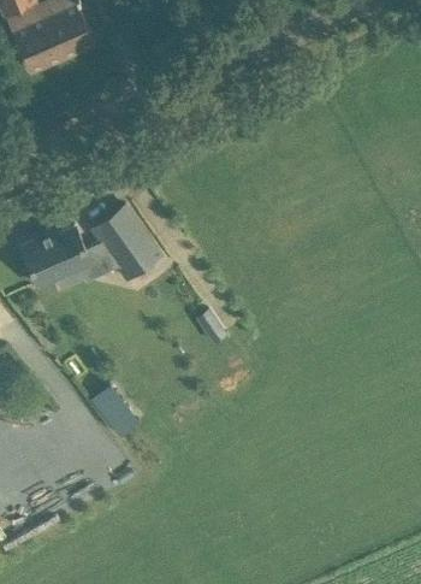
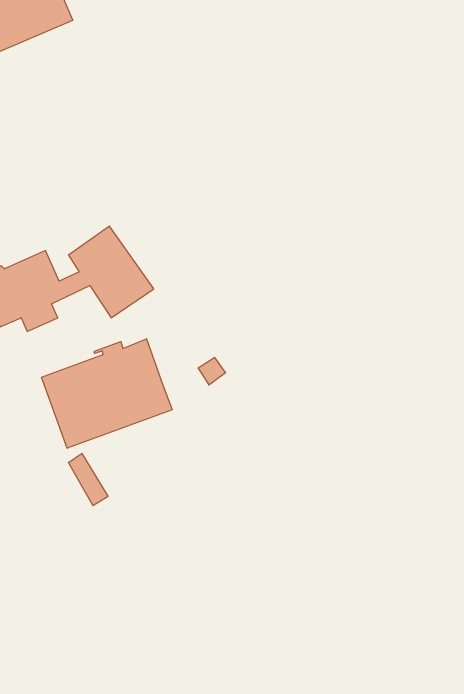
building: none -> [41,339,172,448]

